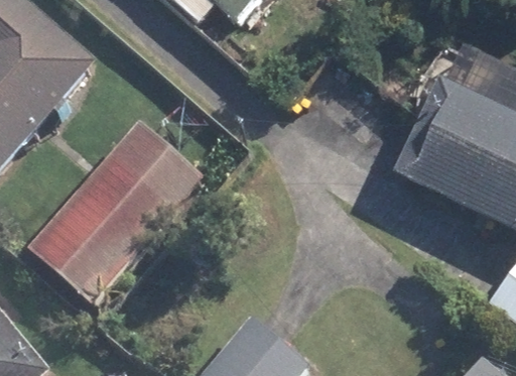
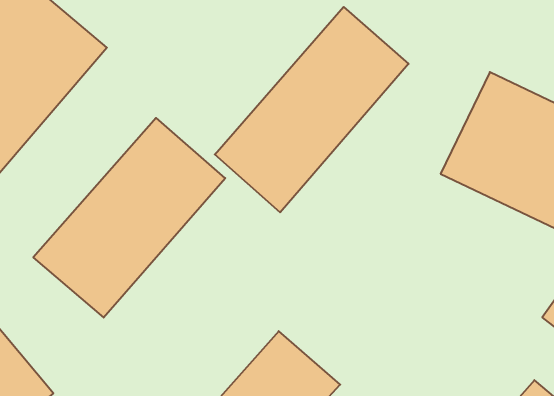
building: none -> [215,7,409,212]

